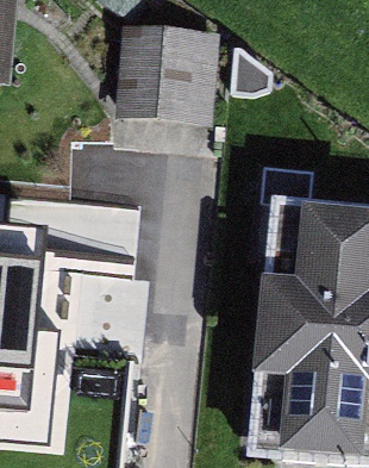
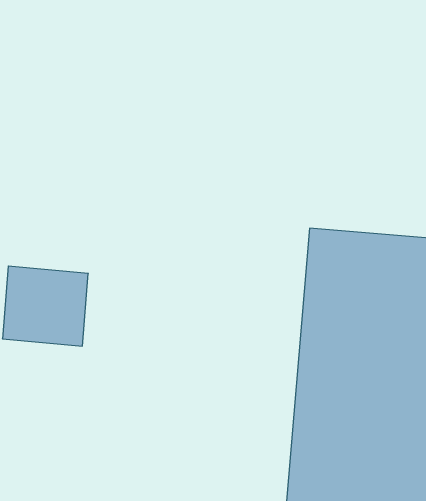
building: [111,29,209,123] -> none

